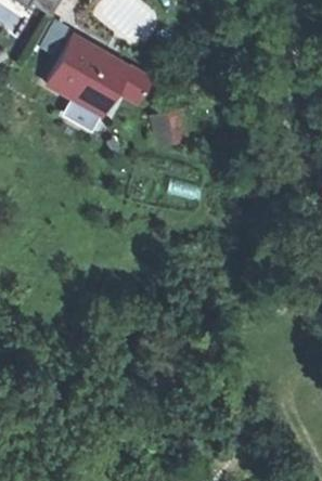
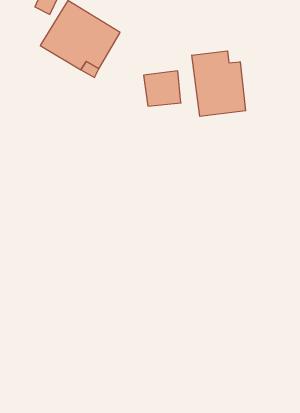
building: none -> [192,51,246,116]

